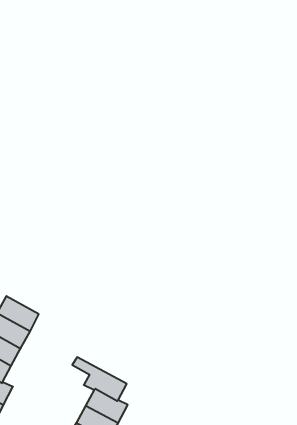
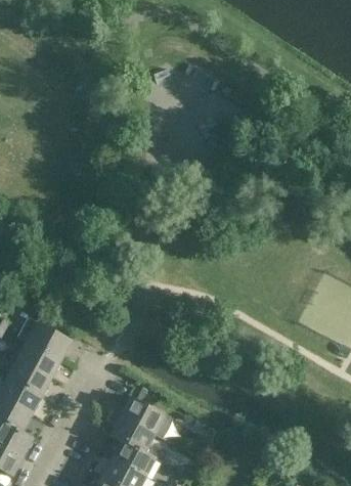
building: none -> [26,321,72,360]
building: none -> [101,396,165,435]

